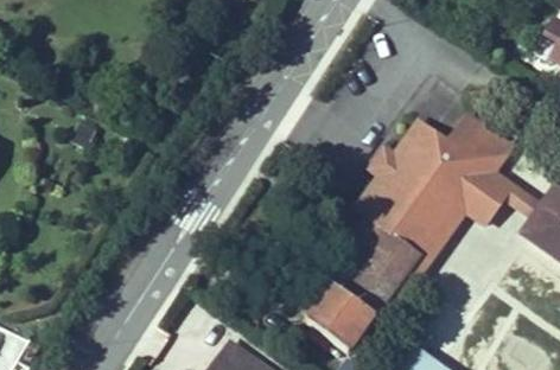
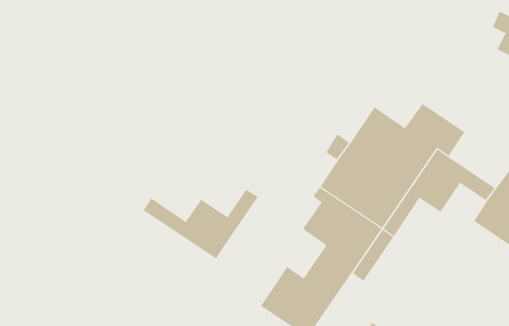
building: none -> [143,189,258,259]

